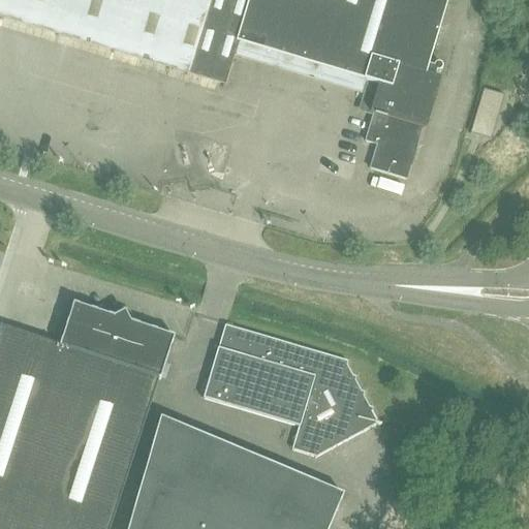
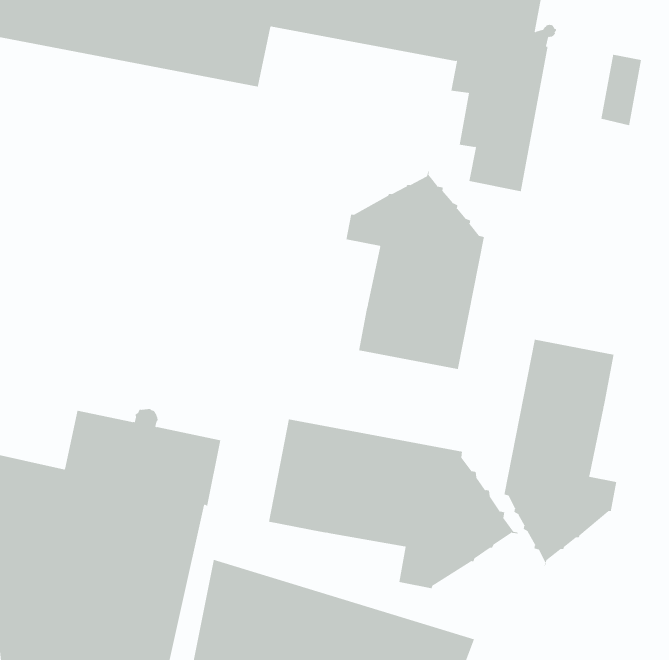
building: none -> [346,171,485,370]
building: none -> [504,339,617,567]

